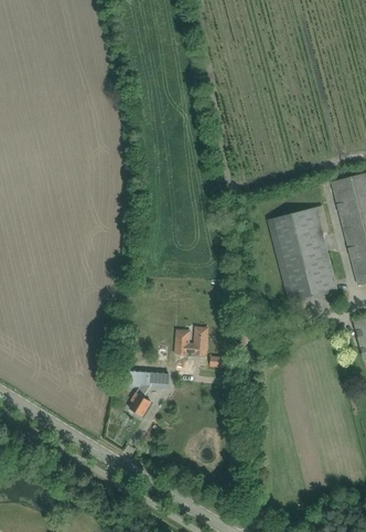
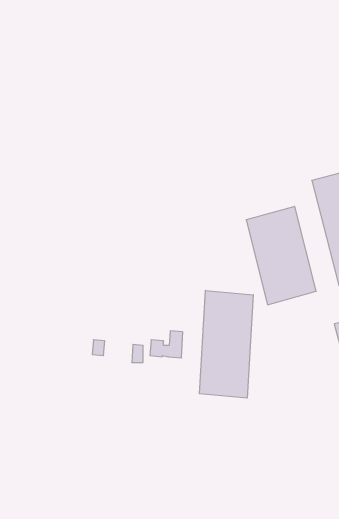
building: none -> [199,290,253,398]
building: [130,372,169,416] -> none

